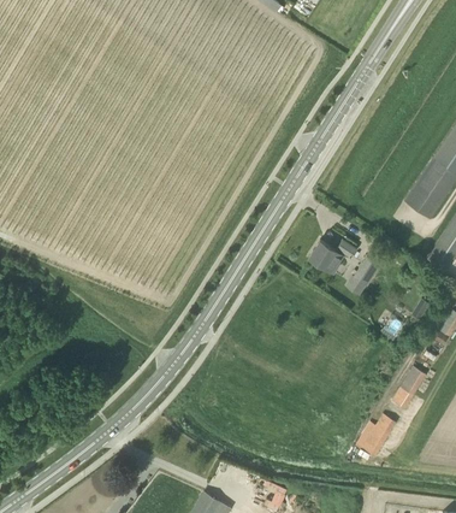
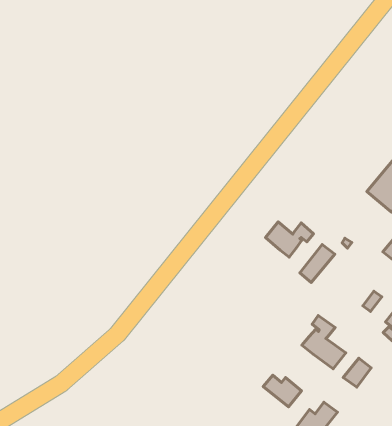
building: none -> [302,316,346,369]
building: none -> [263,375,301,407]

